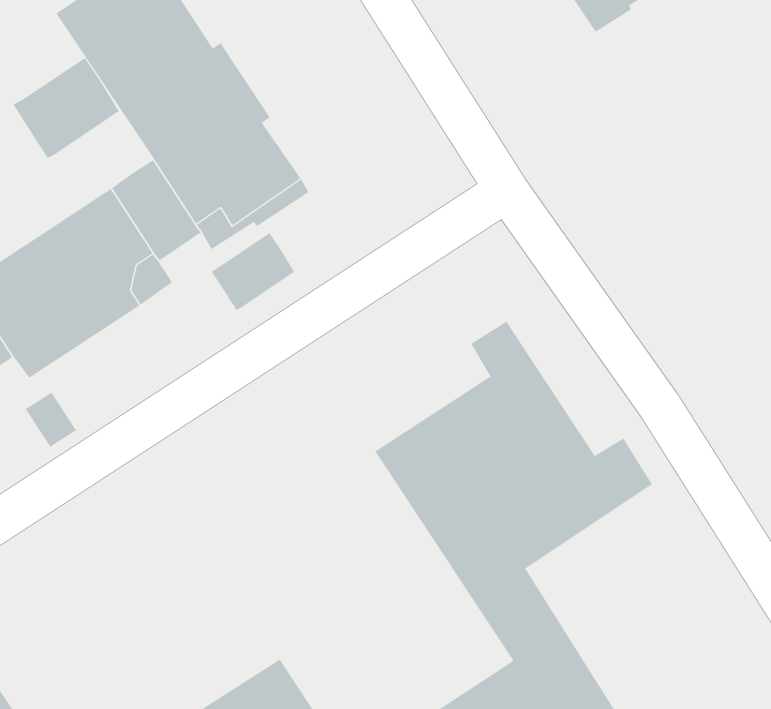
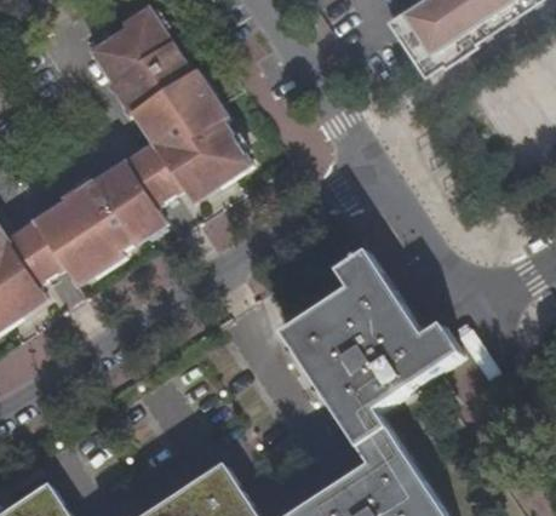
building: [13,57,120,159] -> none
building: [211,232,295,311] -> none

